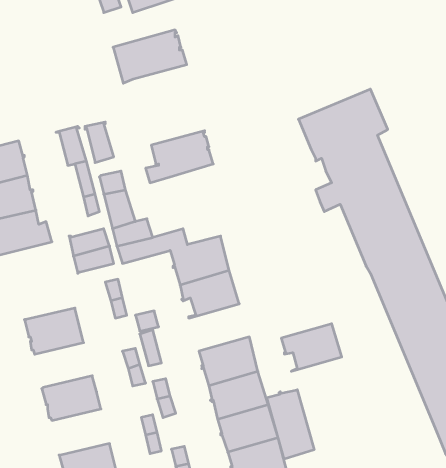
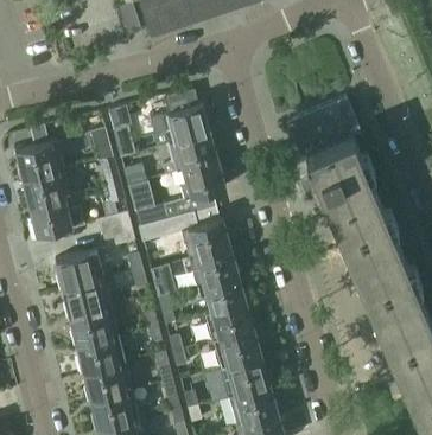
building: [113,30,187,83] -> [150,103,210,147]
building: none -> [178,159,225,199]
building: none -> [55,249,103,287]
building: [281,324,342,371] -> [197,274,247,313]
building: none -> [69,306,117,343]
building: [267,390,314,459] -> none
building: none -> [83,360,132,398]

